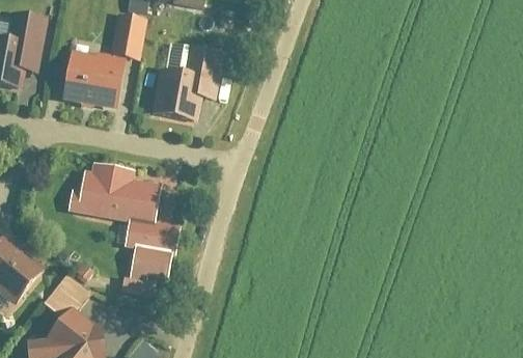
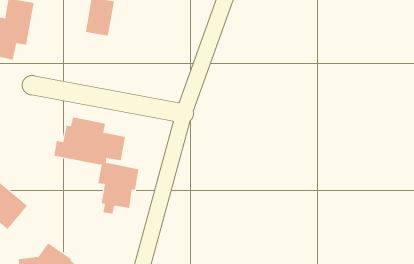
building: [152,47,225,121] -> none
building: [61,52,126,109] -> none
building: [43,271,90,319] -> none

